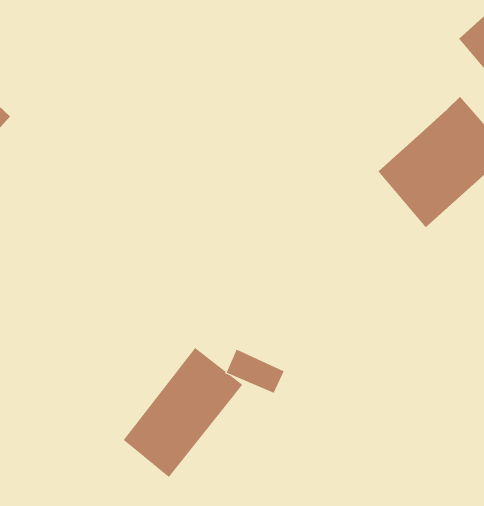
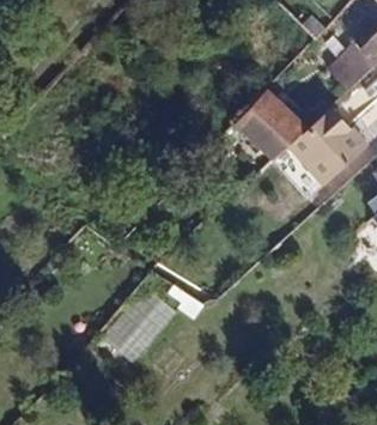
building: none -> [233,86,309,158]

